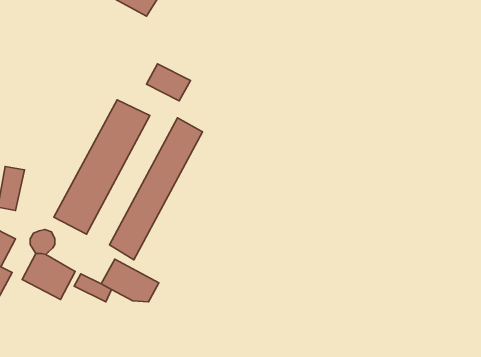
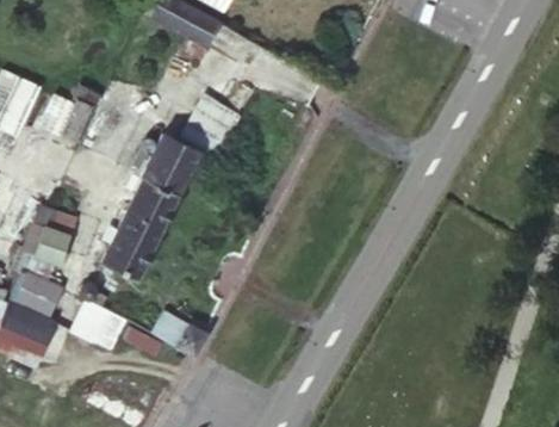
building: [110,118,203,260] -> none

